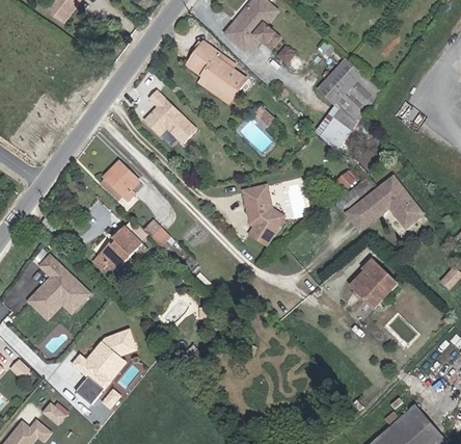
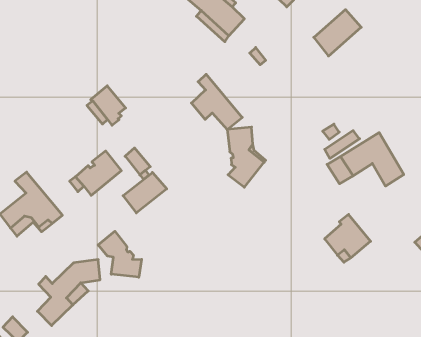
building: [315,73,380,151] -> none
building: [143,90,195,142] -> [191,74,242,129]
building: none -> [123,172,167,213]
building: none -> [98,231,142,277]

